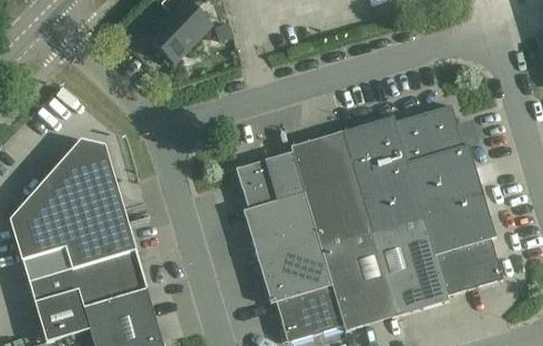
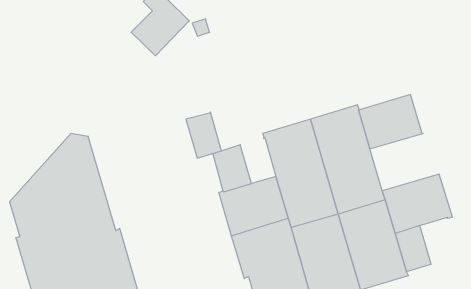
building: [407,144,482,208] -> none
building: [266,151,305,201] -> [186,112,222,158]
building: [461,237,503,288] -> none

